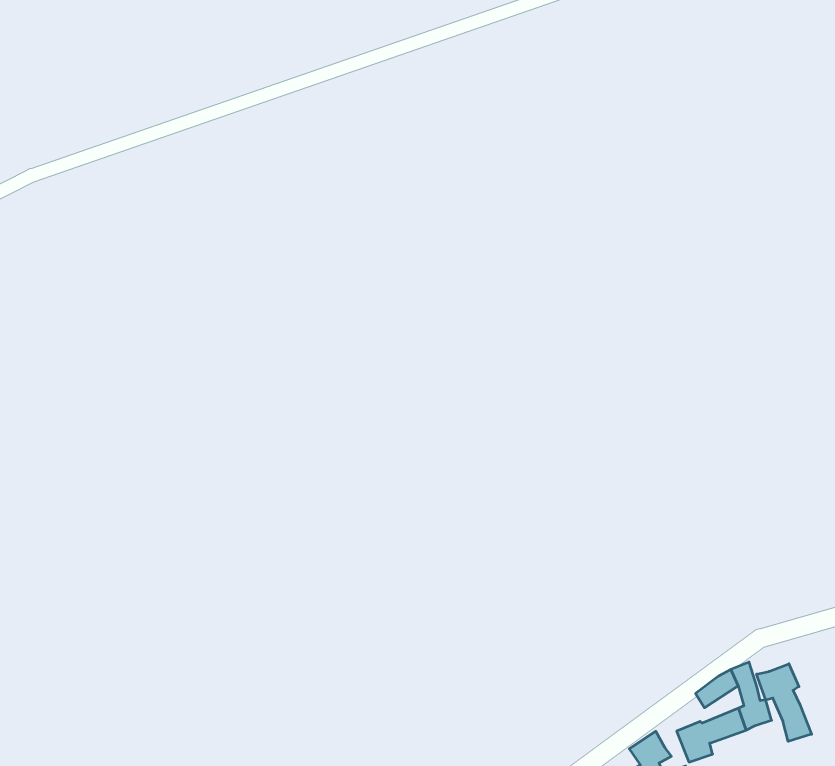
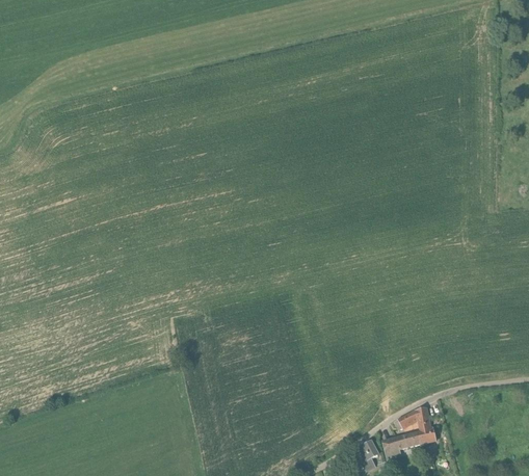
building: [757,664,812,741] -> none

